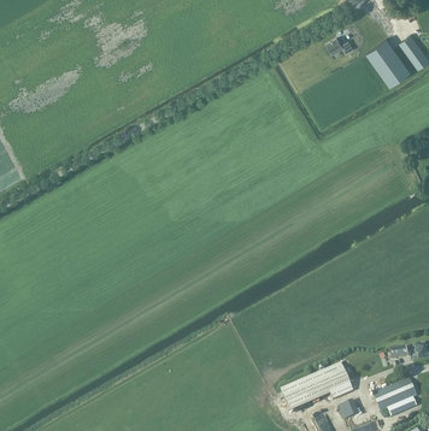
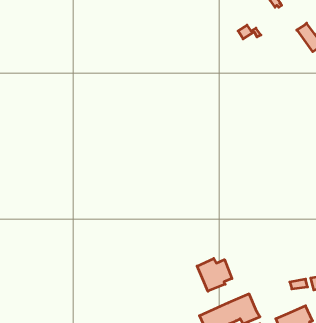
building: [365,39,410,87] -> none
building: none -> [197,258,232,291]

